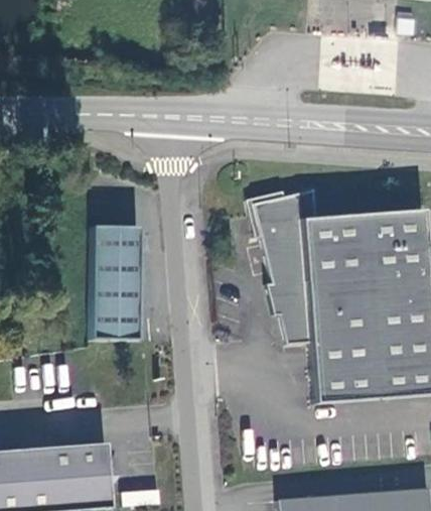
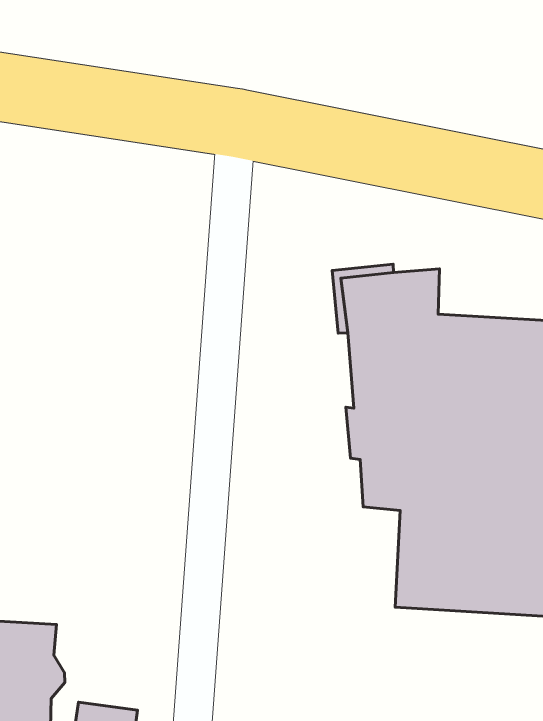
building: [92,224,145,339] -> none

